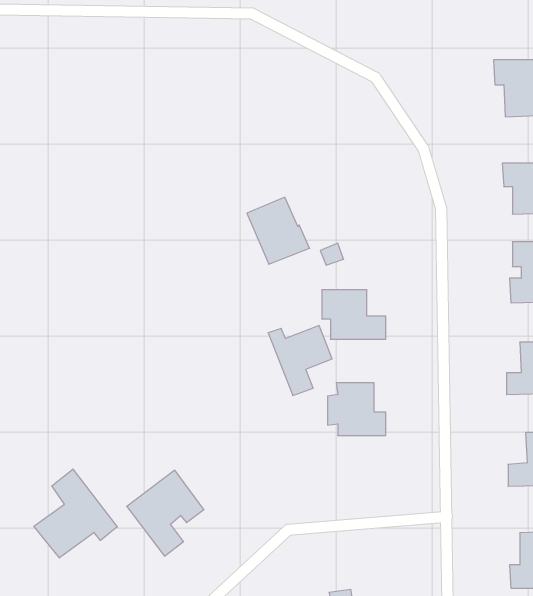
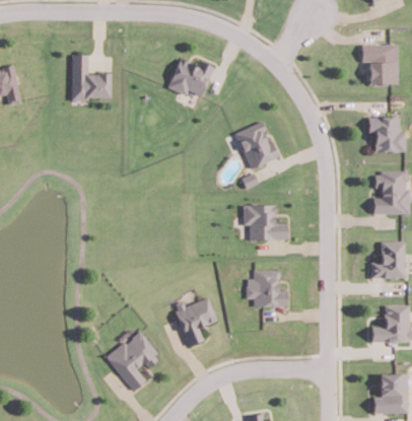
building: none -> [70,55,110,99]
building: none -> [167,59,213,96]
building: [247,197,310,264] -> [233,122,277,168]
building: [268,326,332,395] -> [171,297,216,346]
building: [34,469,117,558] -> none

